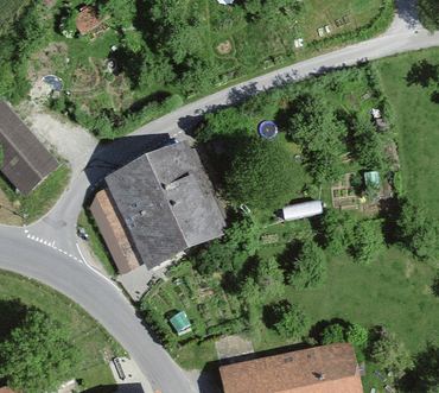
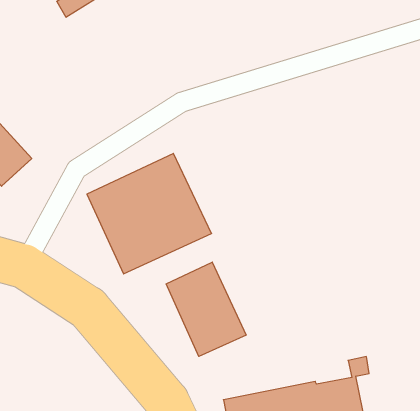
building: none -> [166,262,246,356]

